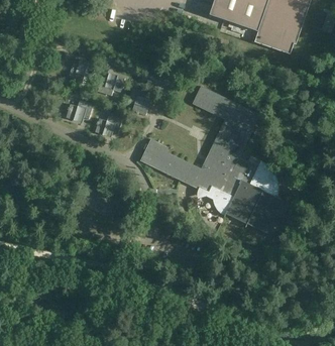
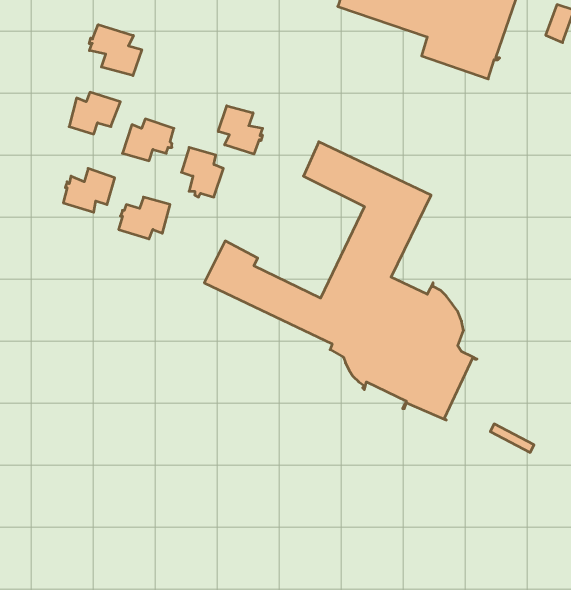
building: none -> [89,25,142,76]
building: none -> [218,106,263,154]

